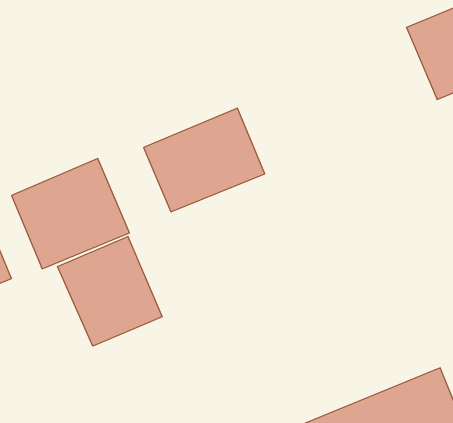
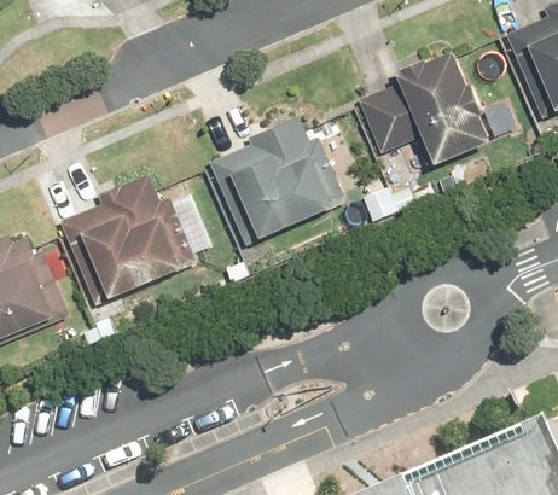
building: none -> [358,58,489,165]
building: [58,236,162,346] -> none

